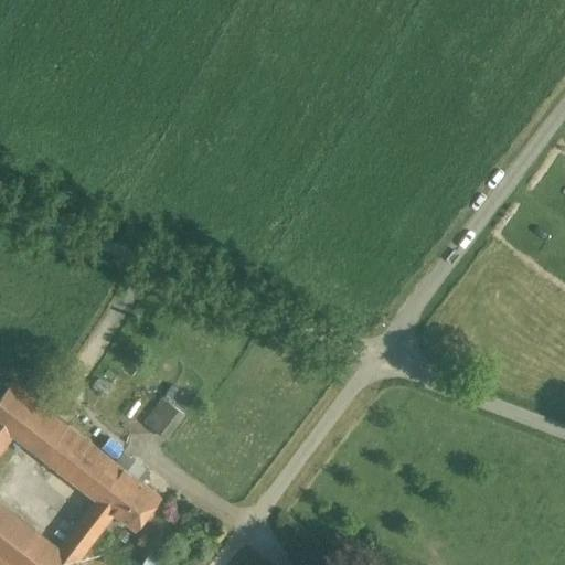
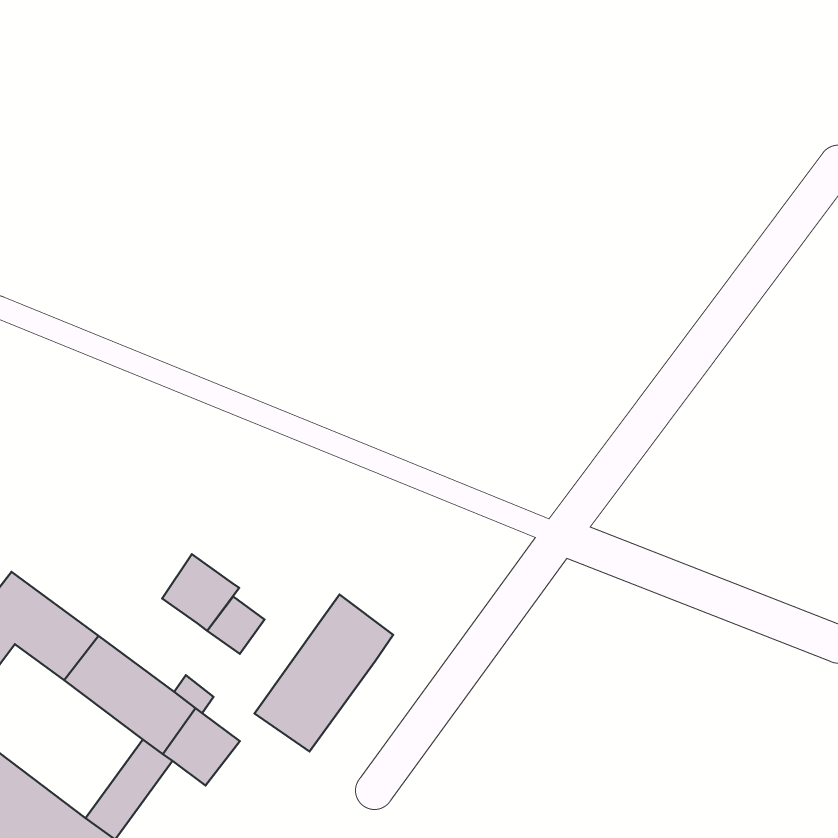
building: none -> [162,554,239,631]
building: none -> [254,594,393,751]

